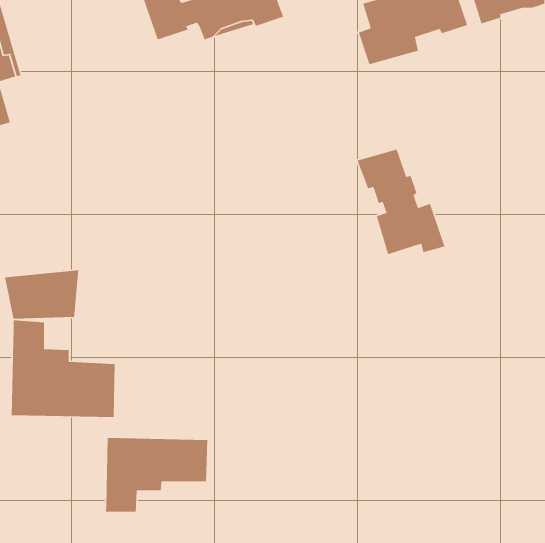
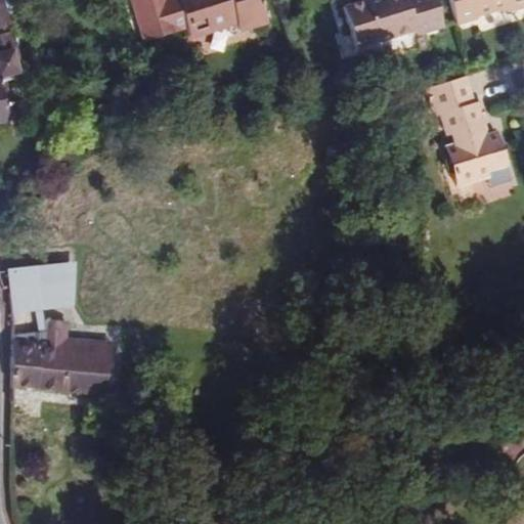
building: [357,148,445,255] -> [428,77,513,179]
building: [105,437,208,513] -> none

